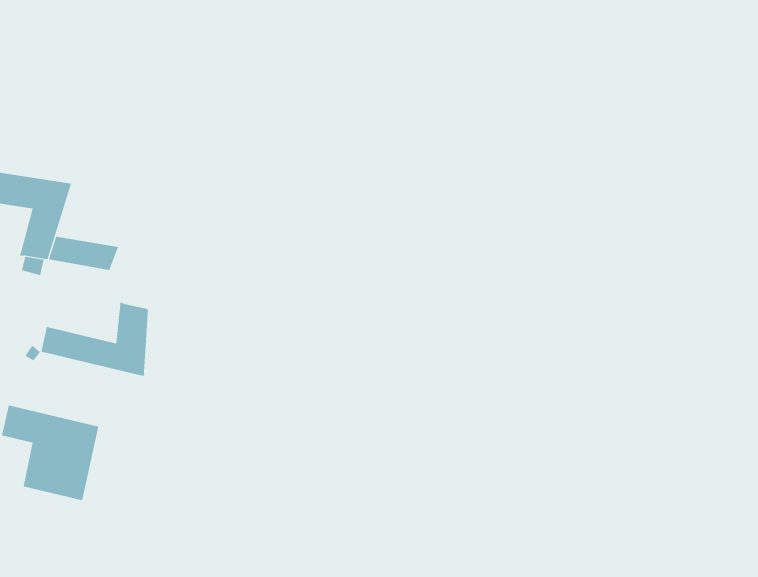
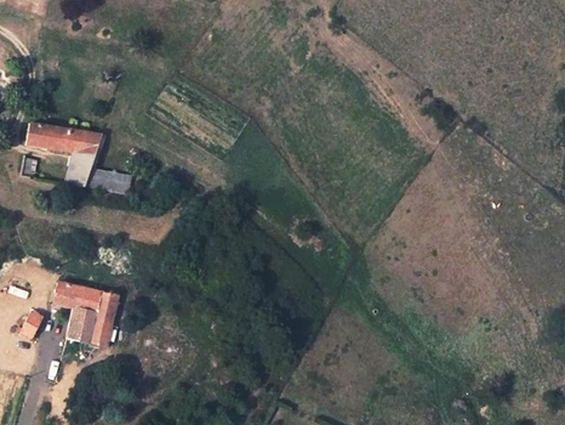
building: [41,302,148,377] -> none

